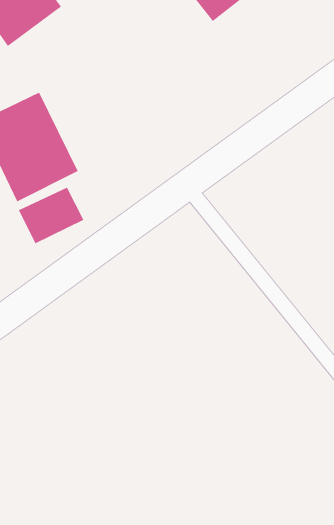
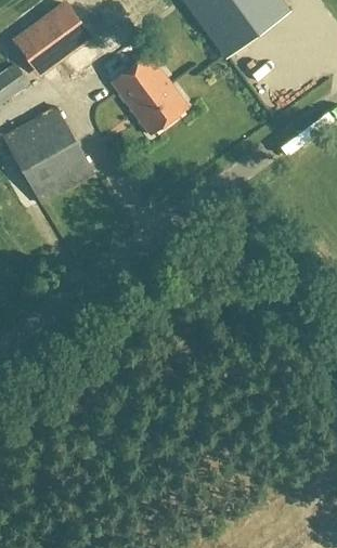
building: none -> [106,51,183,132]
building: [18,187,84,244] -> none

